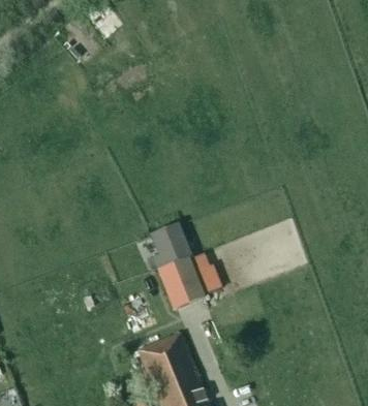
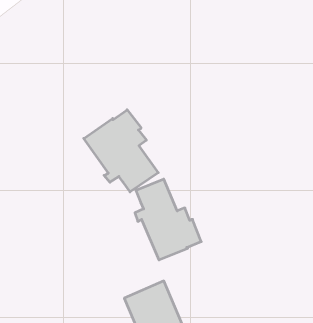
building: none -> [84,110,158,192]

